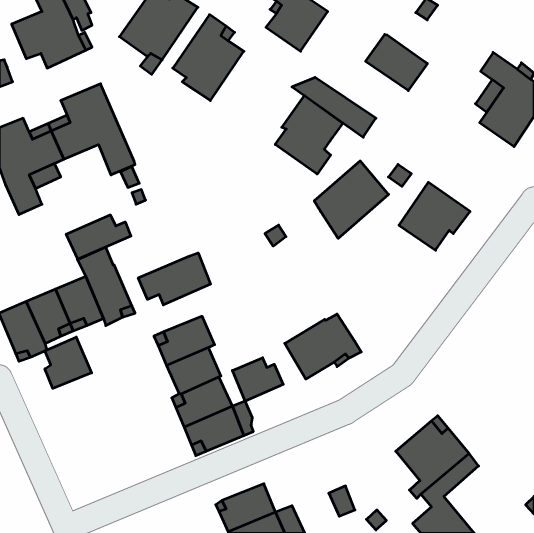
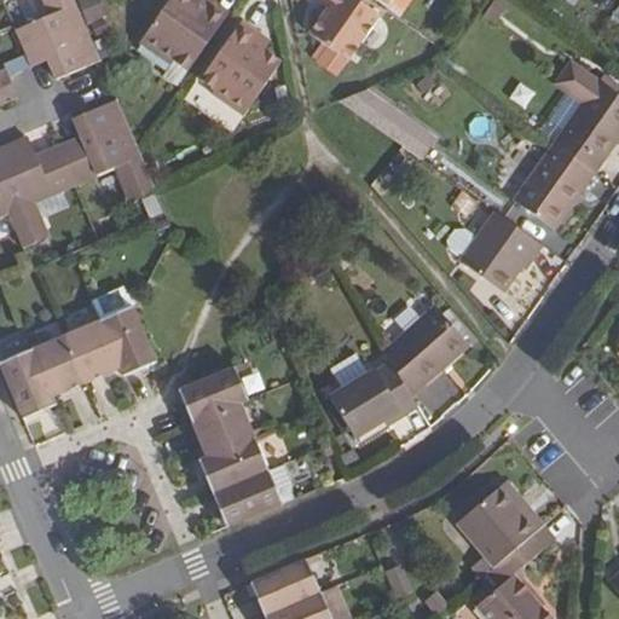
building: [366,34,427,91] -> none
building: [275,96,343,174] -> none
building: none -> [513,141,594,227]
building: [314,161,389,238] -> [382,305,468,394]
building: [66,215,131,259] -> none
building: [138,253,211,305] -> none
building: [45,337,92,388] -> none
building: [232,358,283,401] -> none

